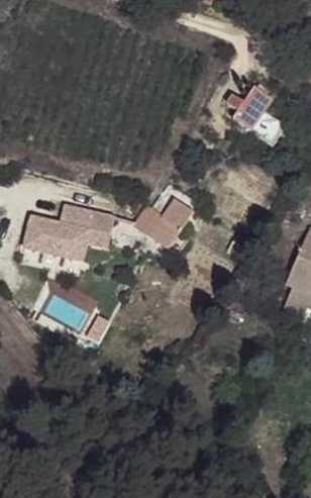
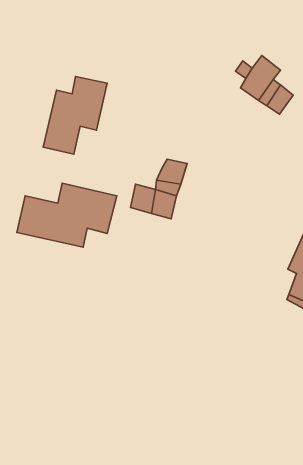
building: none -> [43,77,107,154]

